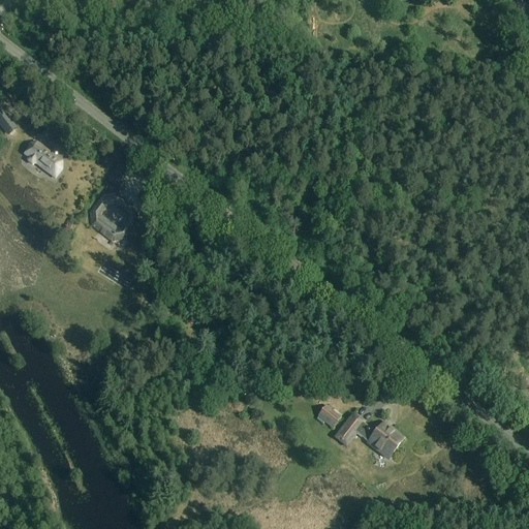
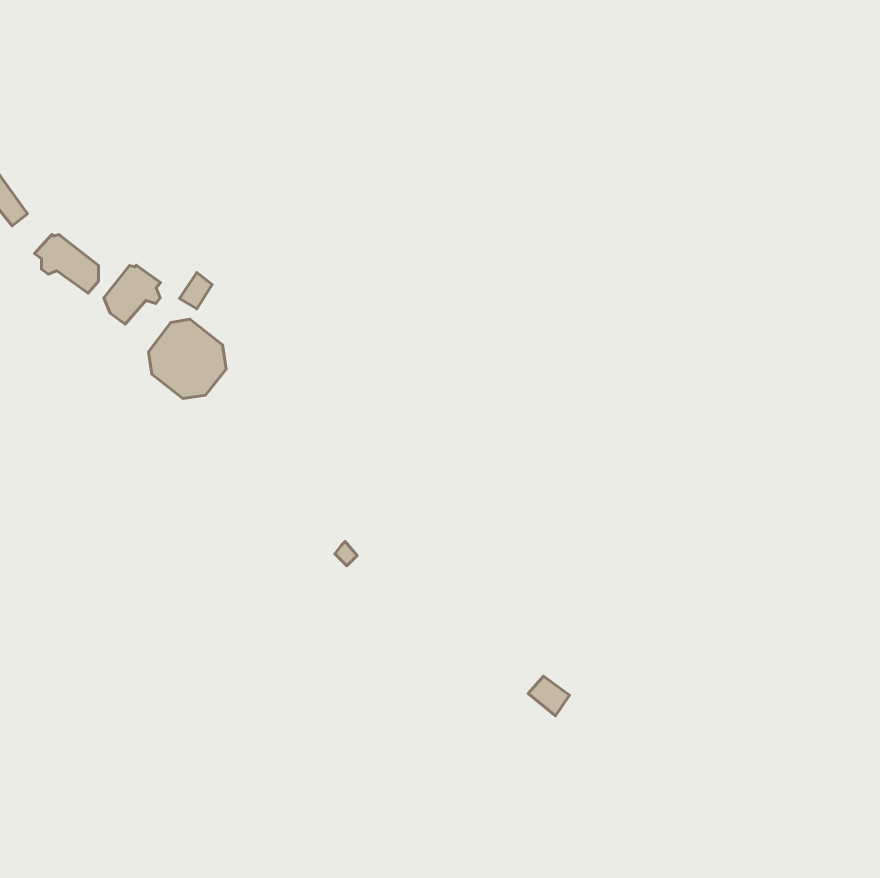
building: none -> [104,265,161,324]
building: [334,413,403,459] -> none

